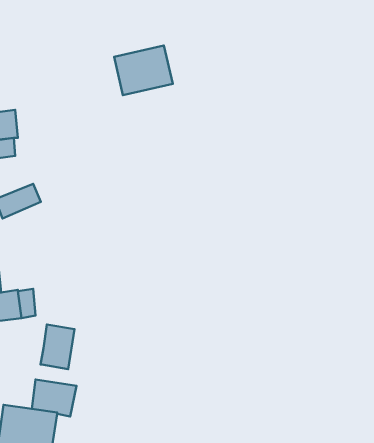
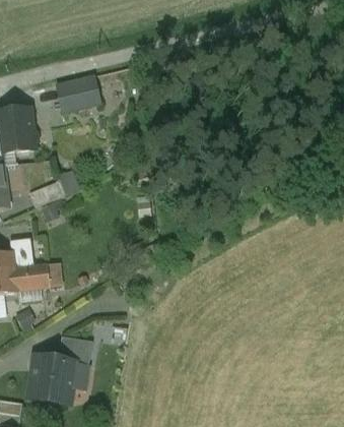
building: [114,45,173,95] -> [54,75,100,115]
building: [41,324,75,369] -> none

